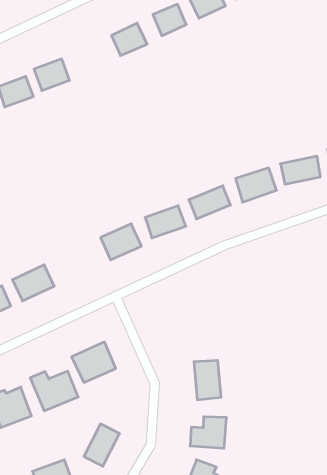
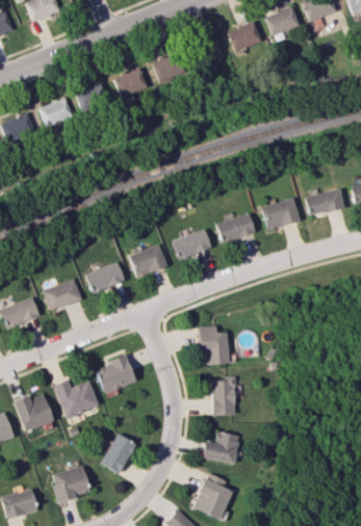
building: none -> [112,68,148,100]
building: none -> [86,262,125,294]
building: none -> [200,325,229,365]

